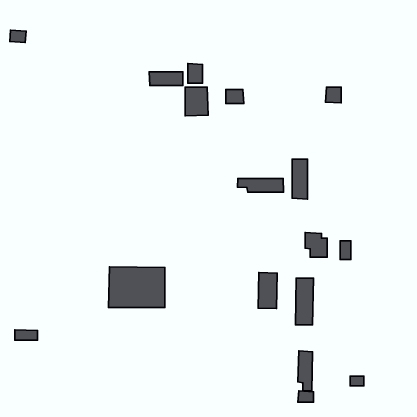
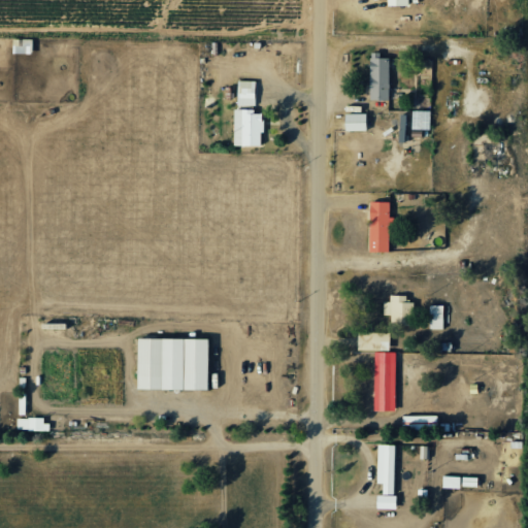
building: none -> [369,58,389,100]
building: [149,72,183,86] -> none
building: [226,90,244,103] -> [344,113,367,131]
building: [238,179,284,192] -> none
building: [258,273,277,309] -> none

